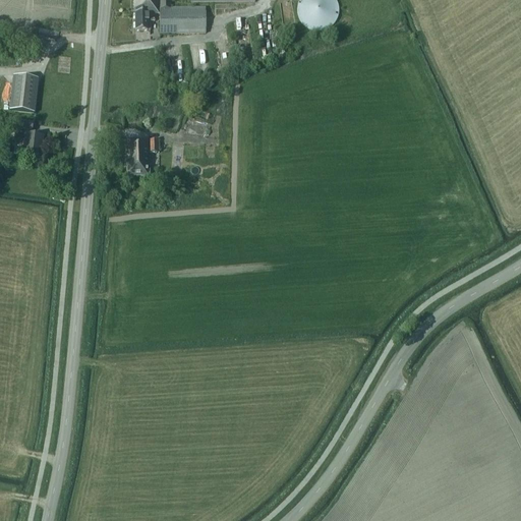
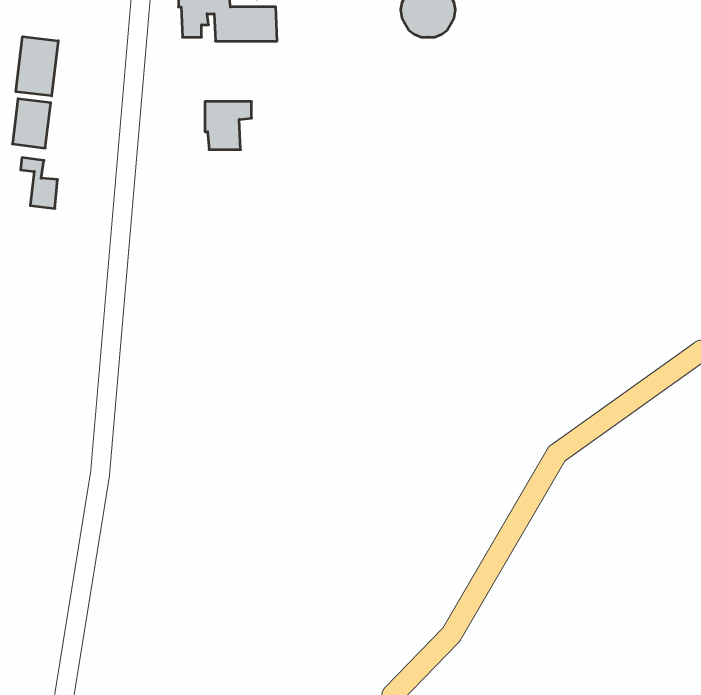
building: none -> [16,37,58,96]
building: [123,137,158,173] -> [205,102,252,150]

